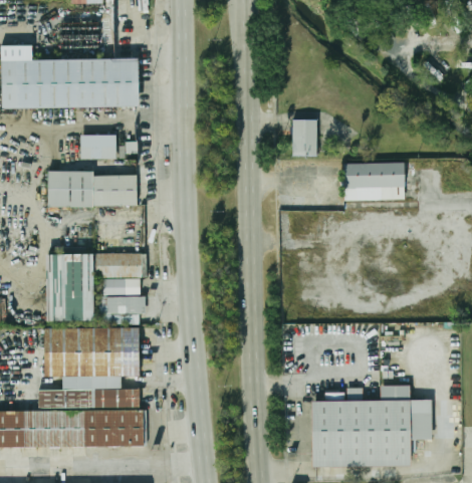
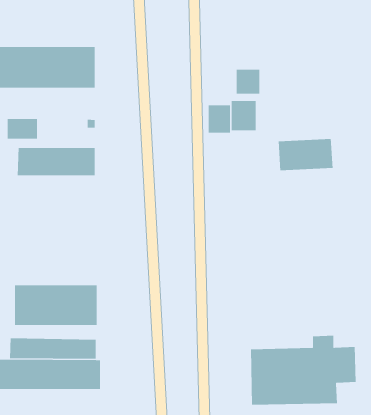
building: none -> [236,69,260,94]
building: none -> [208,105,231,134]
building: [80,135,115,159] -> [7,118,38,139]
building: [49,253,144,323] -> none

